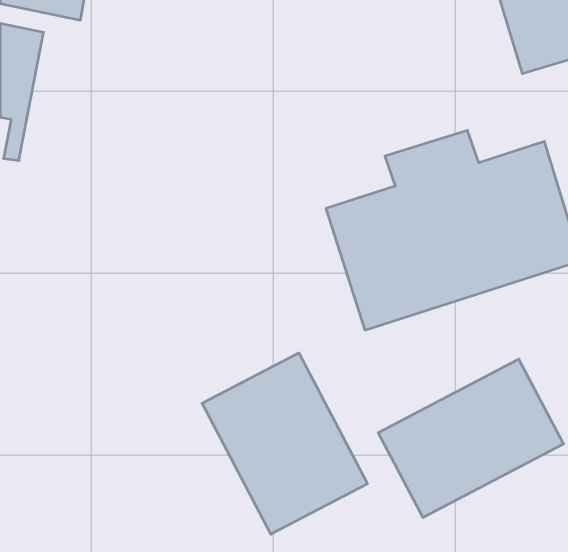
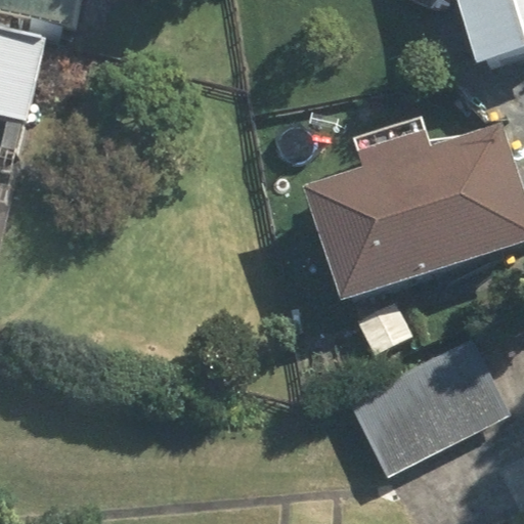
building: [202,353,367,534] -> none

